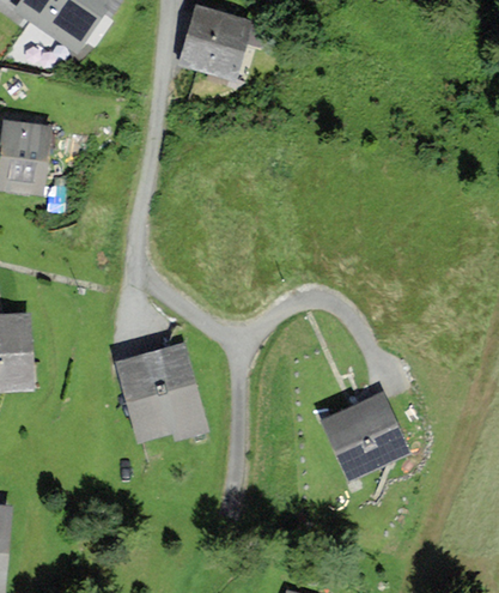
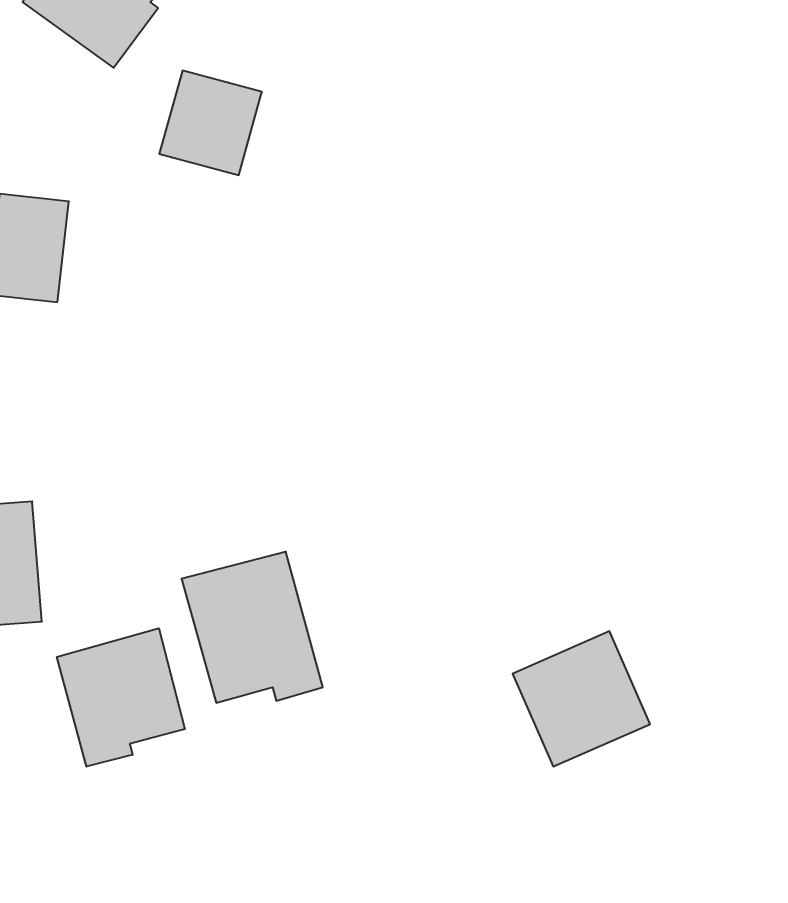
building: [184,7,248,72] -> [159,71,262,175]
building: none -> [57,628,185,767]

